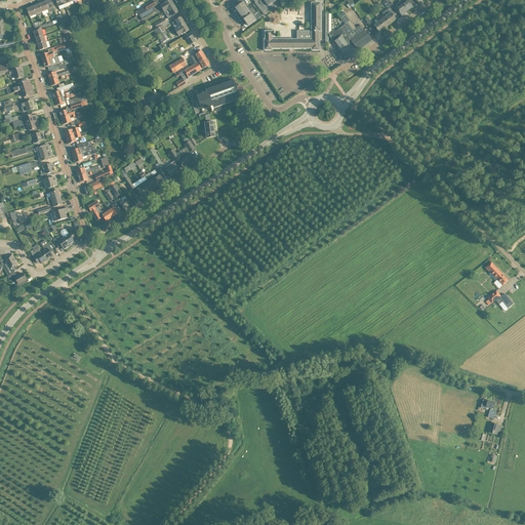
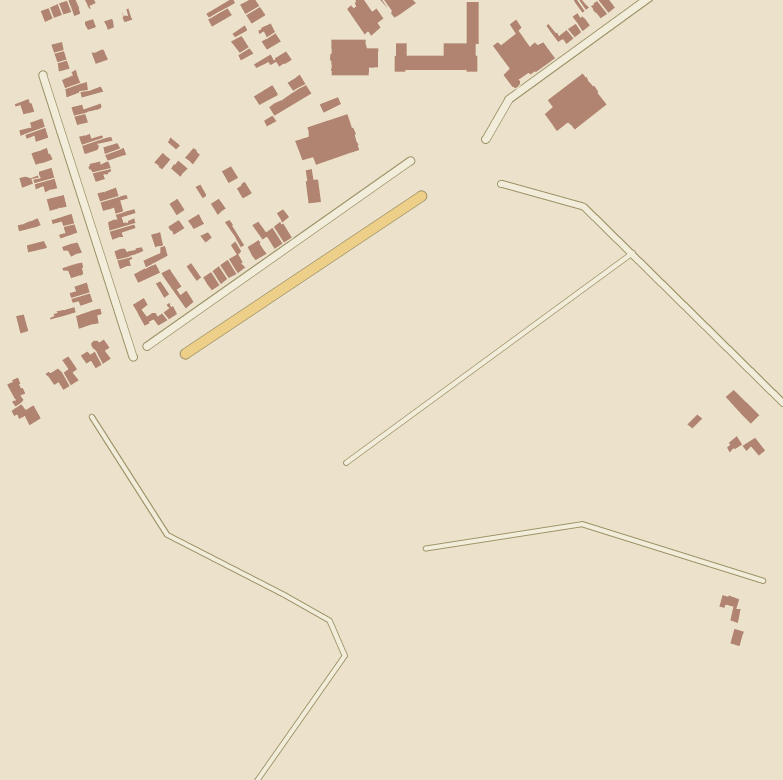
building: none -> [330,39,379,76]
building: none -> [544,73,608,132]

